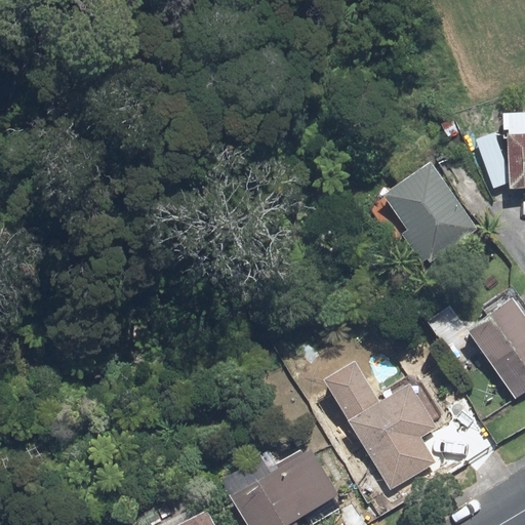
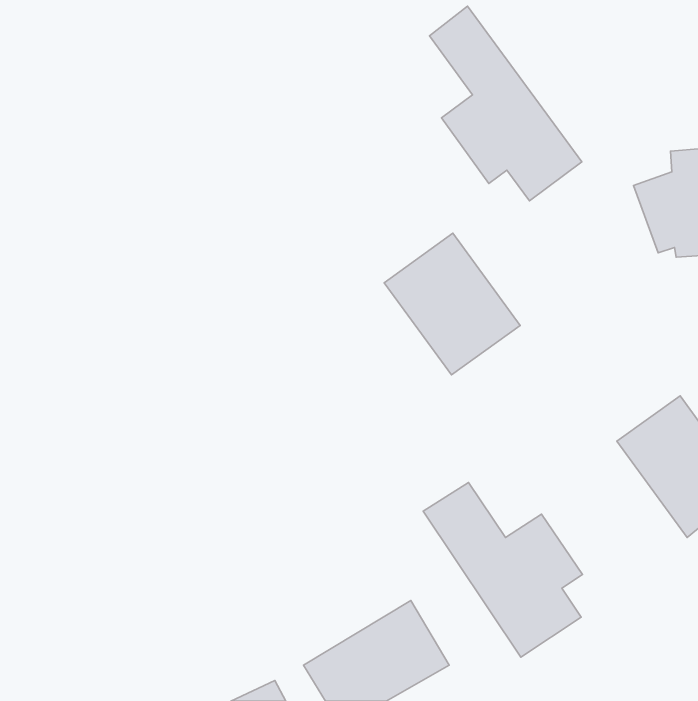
building: none -> [429,6,582,201]
building: [378,159,480,265] -> [384,233,520,375]

